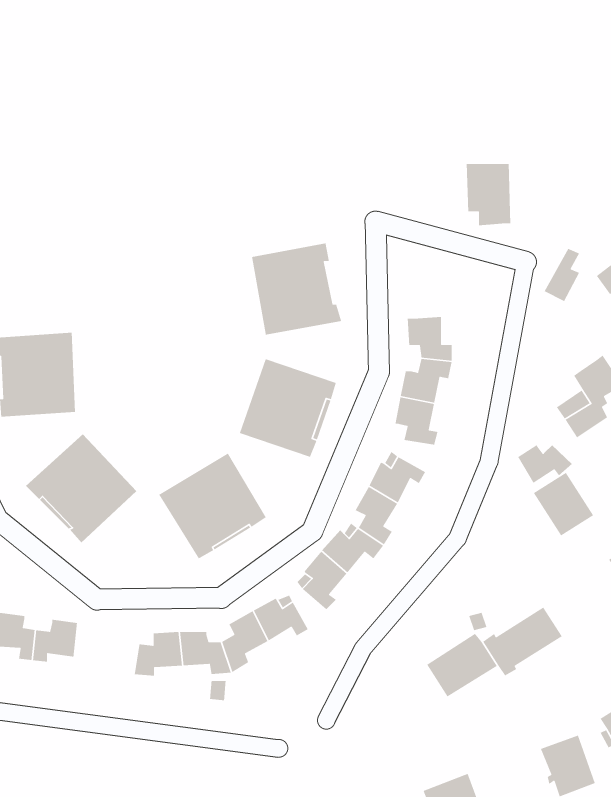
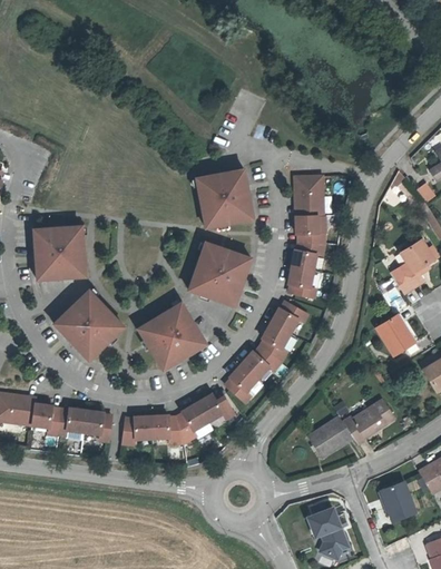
building: [466,163,511,226] -> [294,176,323,216]
building: [517,444,573,484] -> none
building: none -> [84,410,111,441]

